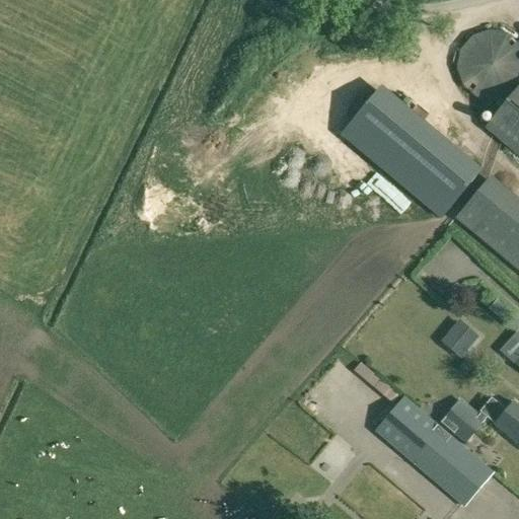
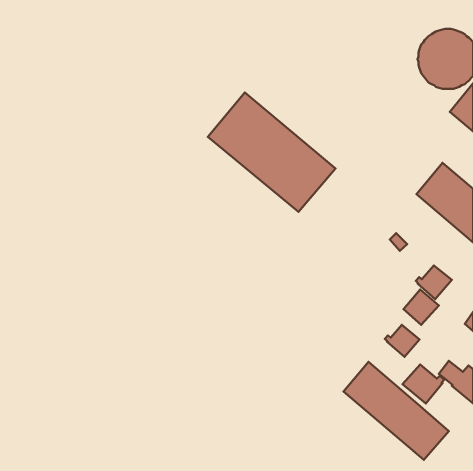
building: [342,85,481,216] -> [208,93,336,212]
building: none -> [416,265,452,299]
building: none -> [385,325,420,357]

